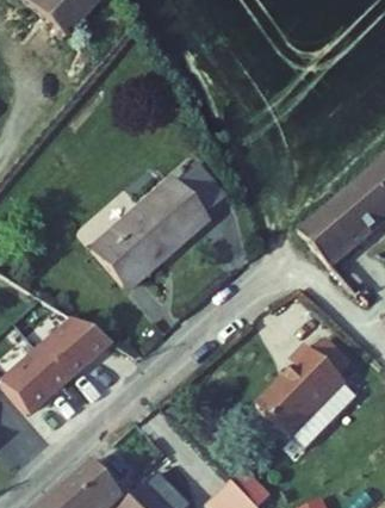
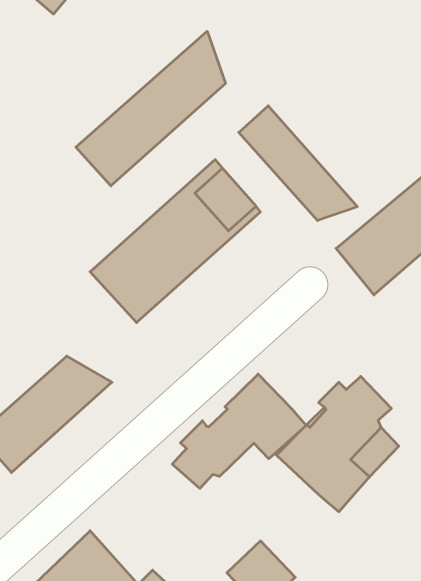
building: none -> [76,31,225,186]
building: none -> [239,106,357,221]
building: none -> [172,374,306,488]

